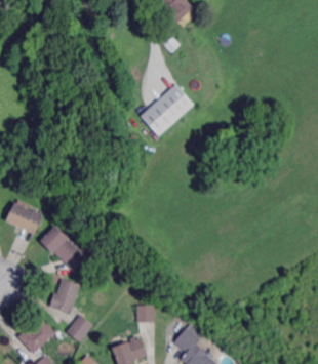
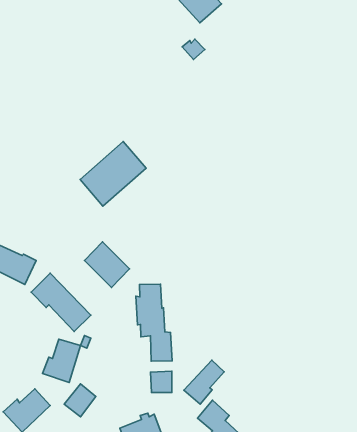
building: [140,85,193,137] -> [80,141,146,206]
building: none -> [85,242,129,287]
building: none -> [136,284,172,361]
building: none -> [184,360,224,404]

